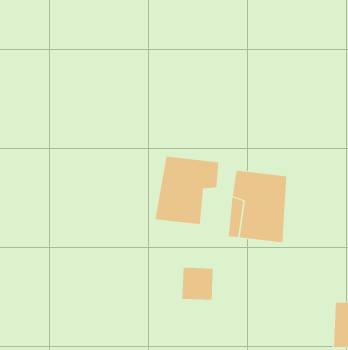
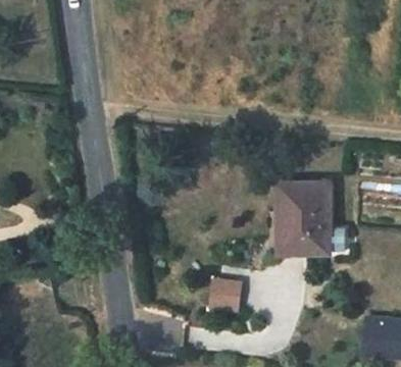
building: [155,156,219,225] -> none

